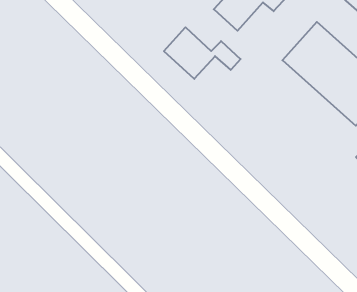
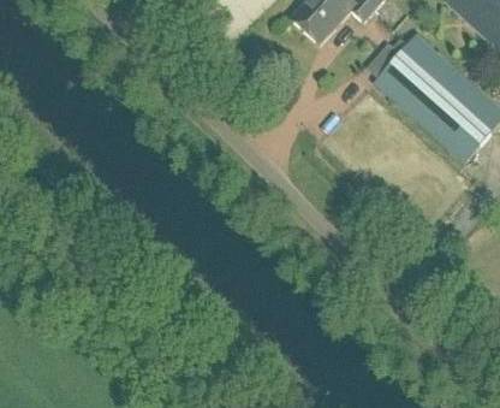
building: [164,27,241,79] -> none

